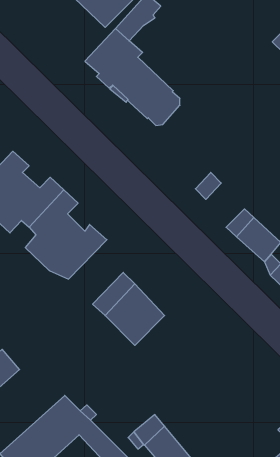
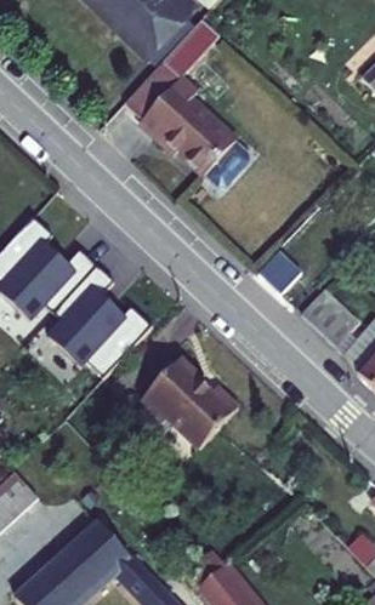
building: none -> [172,356,242,423]

